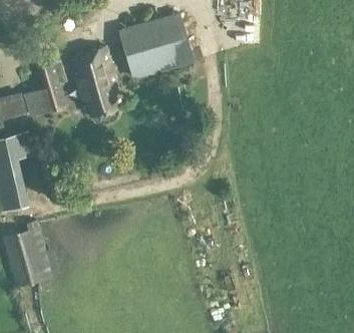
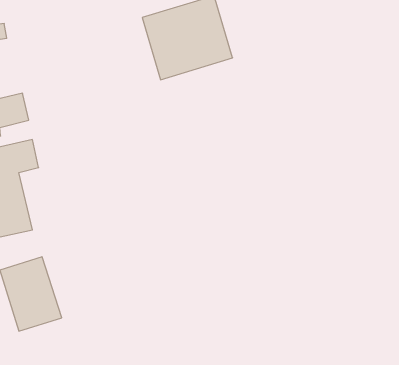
building: [70,47,120,116] -> none
building: [24,63,68,117] -> none

